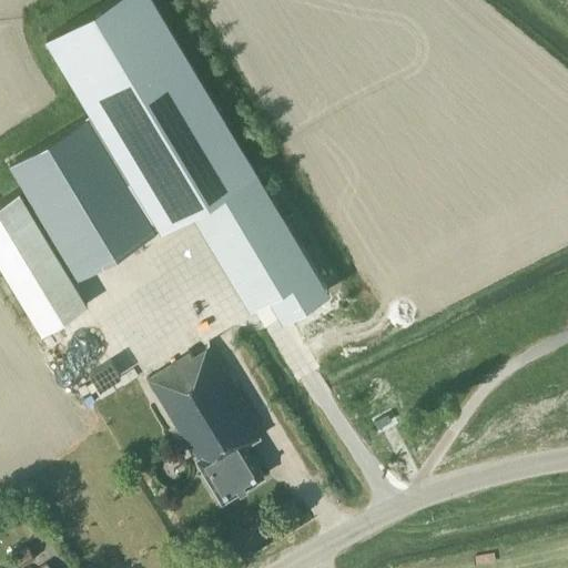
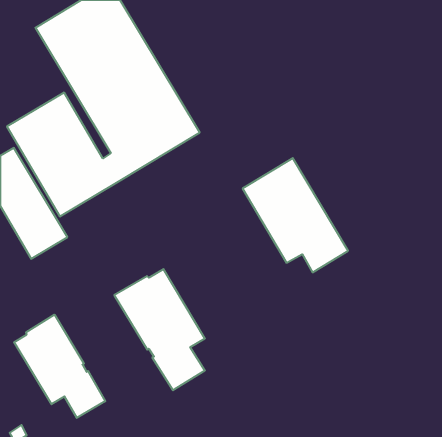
building: [192,176,327,323] -> [243,158,348,272]
building: none -> [14,315,105,418]

